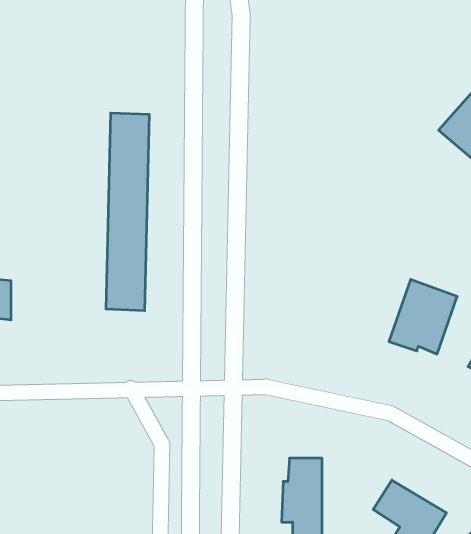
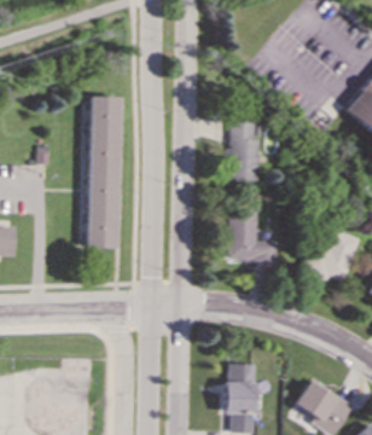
building: none -> [231,122,263,180]
building: none -> [228,209,278,262]

